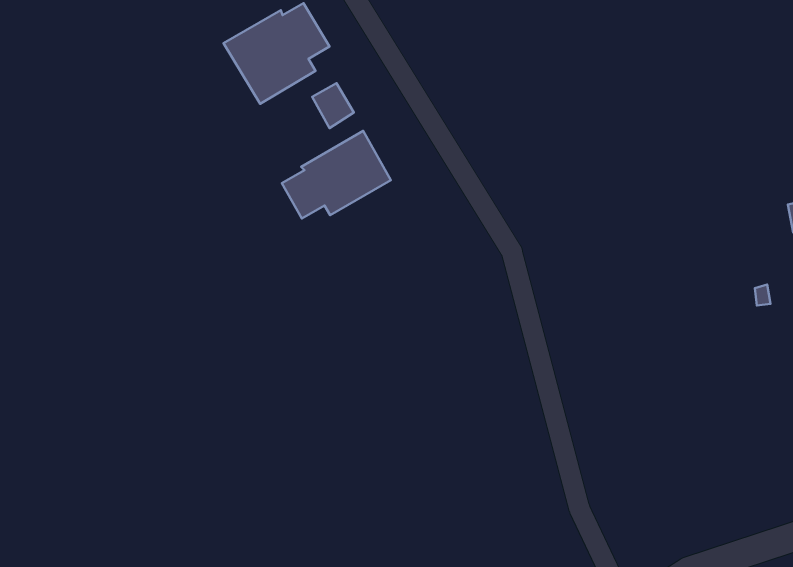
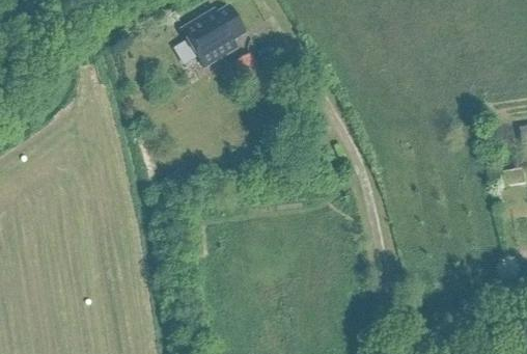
building: [282,131,391,219] -> none

